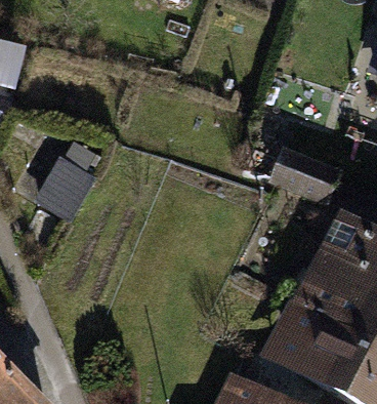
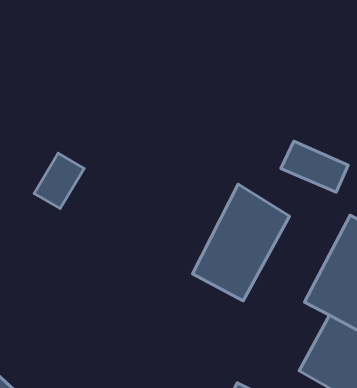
building: none -> [192,184,290,301]

